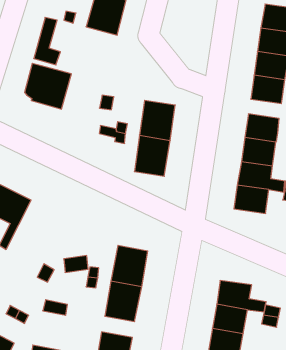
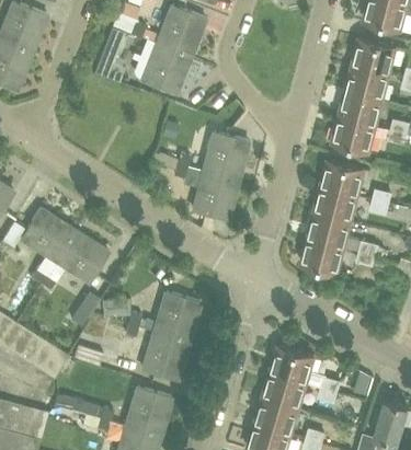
building: [25,63,71,109] -> [136,39,191,94]
building: none -> [41,231,109,290]

